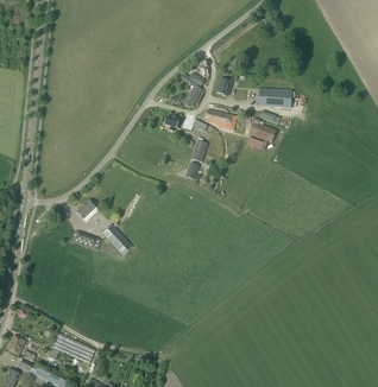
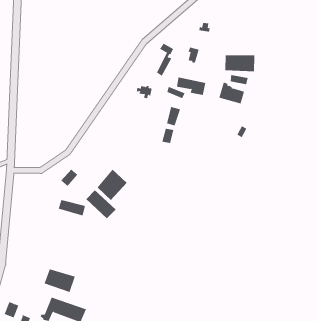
building: none -> [97,169,127,201]
building: none -> [44,268,76,293]

